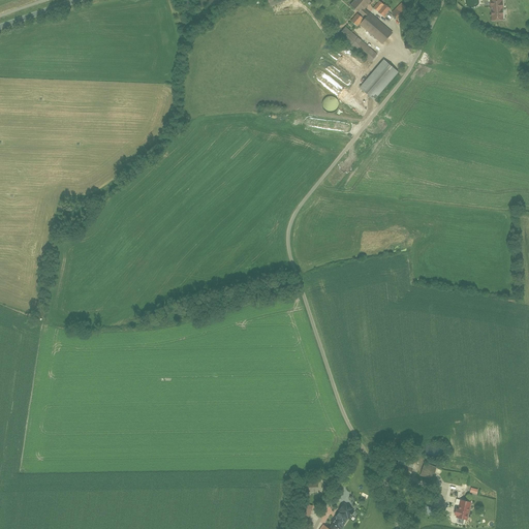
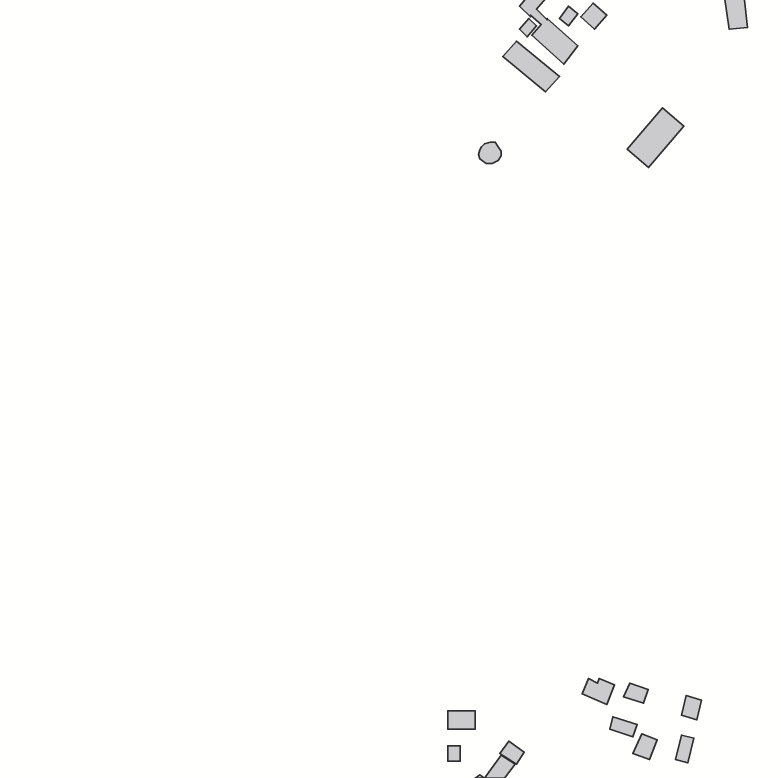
building: [361,59,399,99] -> [627,108,684,168]

